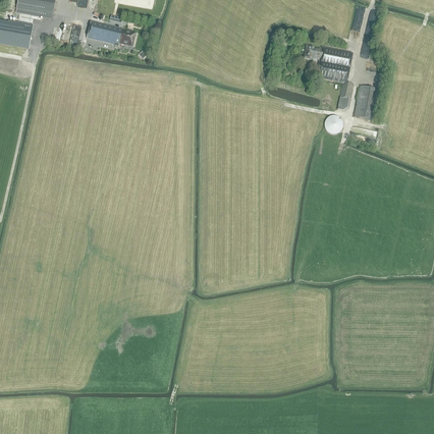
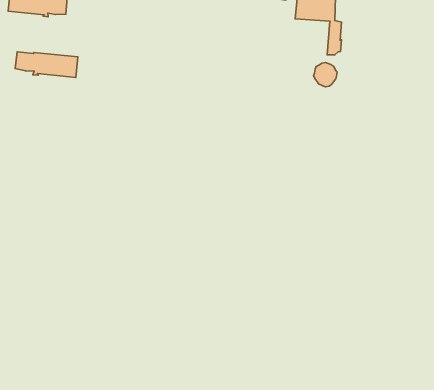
building: none -> [15,52,78,77]
building: [352,85,379,120] -> none

